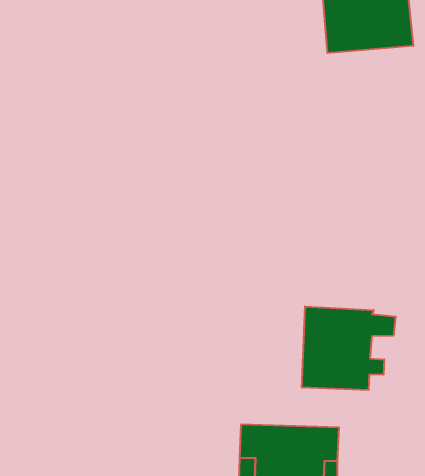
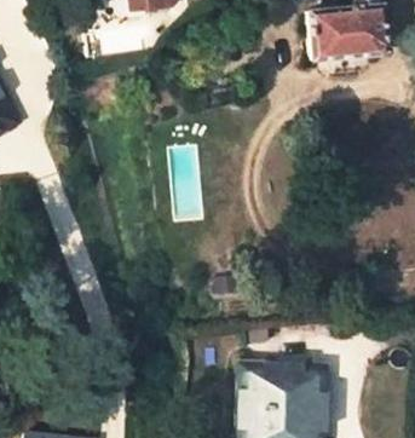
building: [302,306,396,390] -> none

